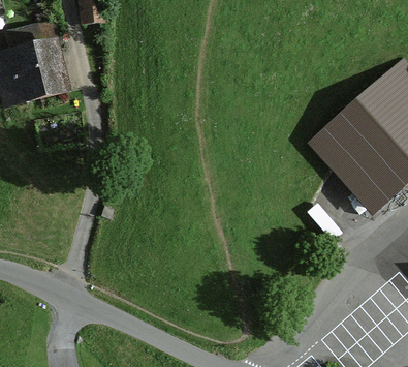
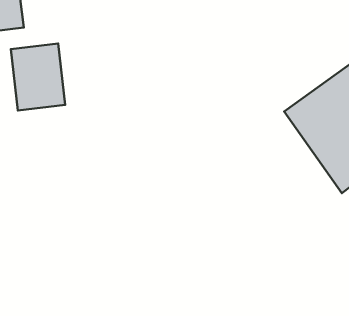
building: none -> [11,43,65,111]

